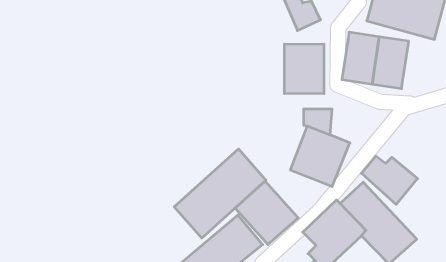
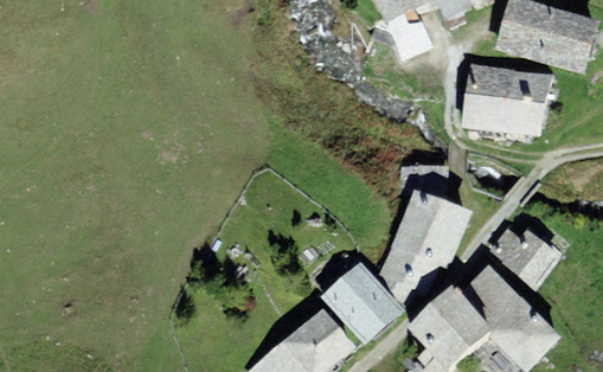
building: [284,44,324,94] -> none
building: [174,149,266,238] -> none
building: none -> [377,246,440,304]

